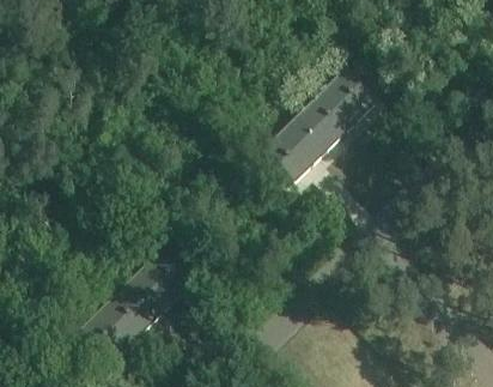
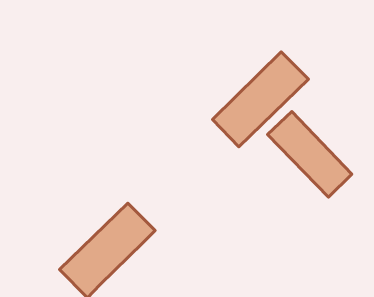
building: none -> [268,112,352,197]

